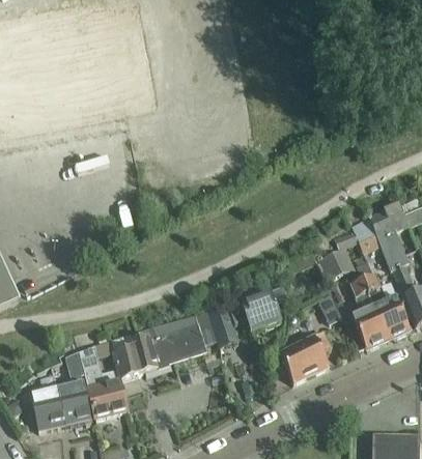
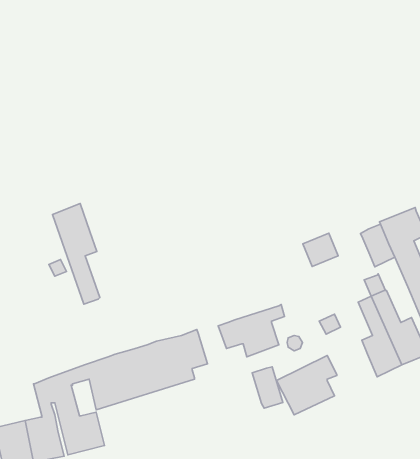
building: none -> [52,204,100,304]
building: [321,248,353,277] -> [303,233,338,266]
building: [209,306,236,342] -> [252,367,283,408]

